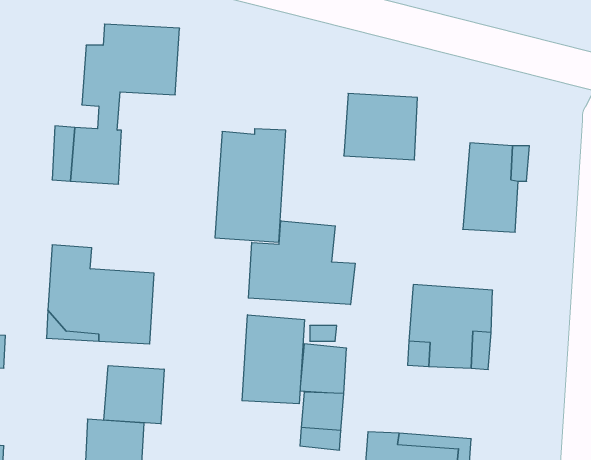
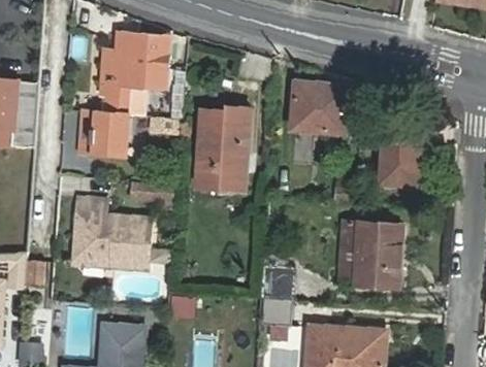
building: [248,221,355,305] -> none
building: [242,315,304,404] -> none
building: [104,366,164,424] -> none

